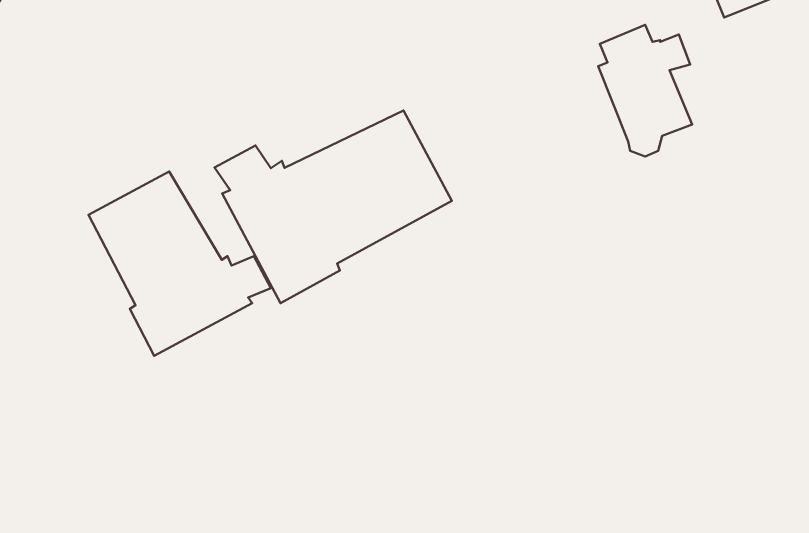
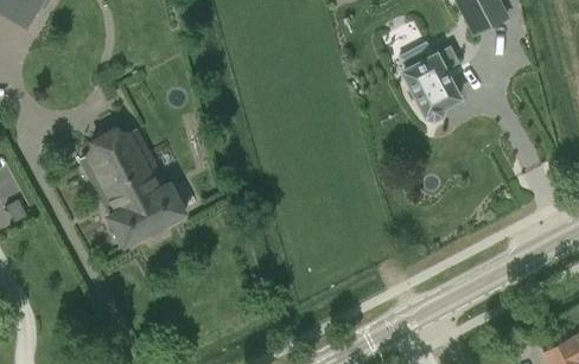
building: [215,110,452,303] -> none

